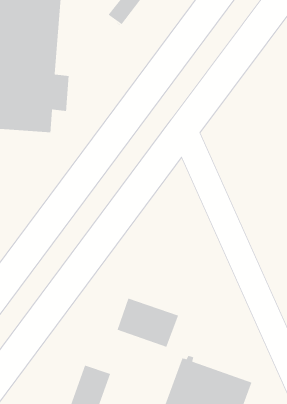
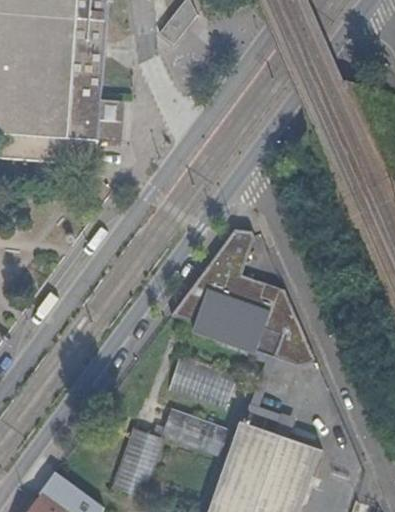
building: none -> [170,229,311,366]
building: none -> [159,409,213,449]

